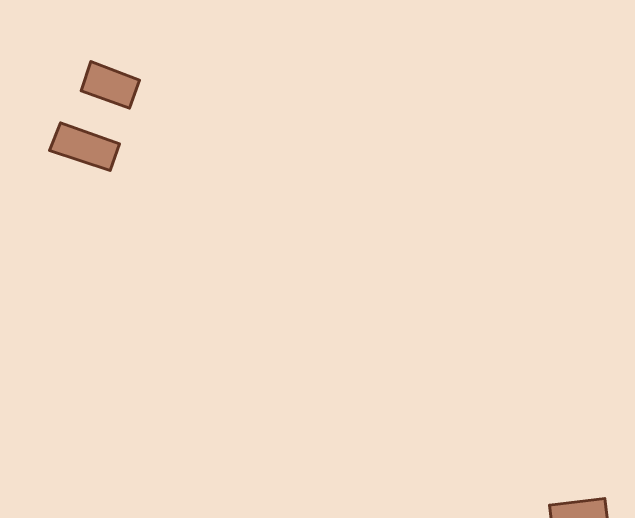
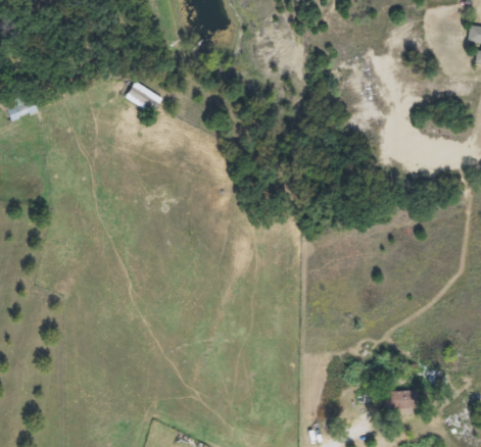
building: [50,123,119,171] -> none

